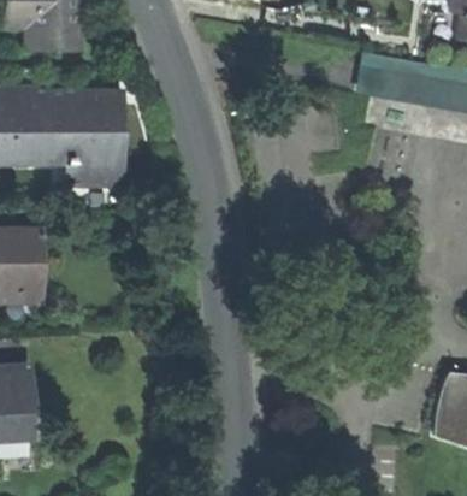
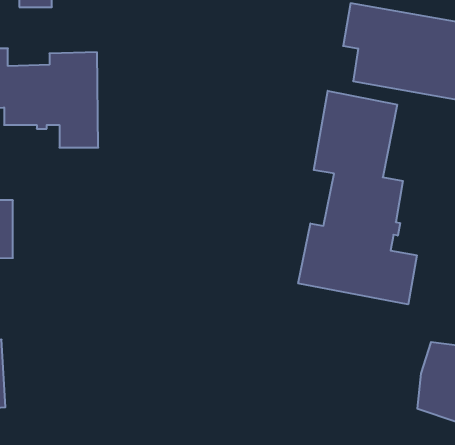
building: none -> [298,91,417,304]

